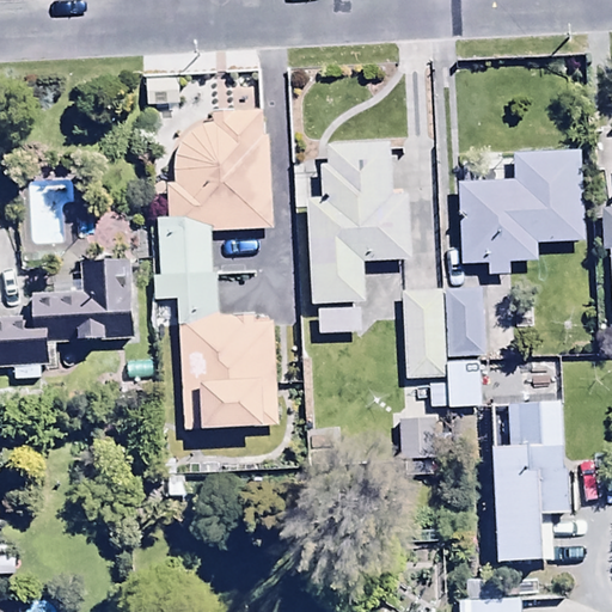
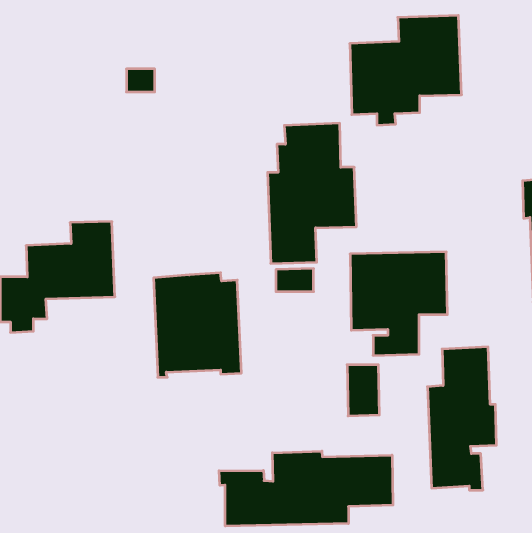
building: [154,109,274,318] -> none
building: [457,149,585,275] -> [350,15,462,125]
building: none -> [219,451,393,526]

